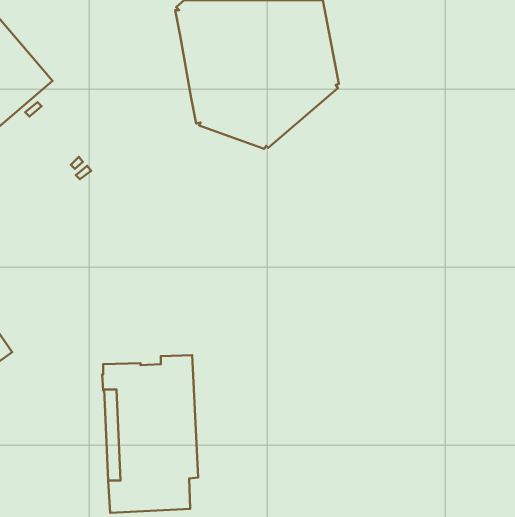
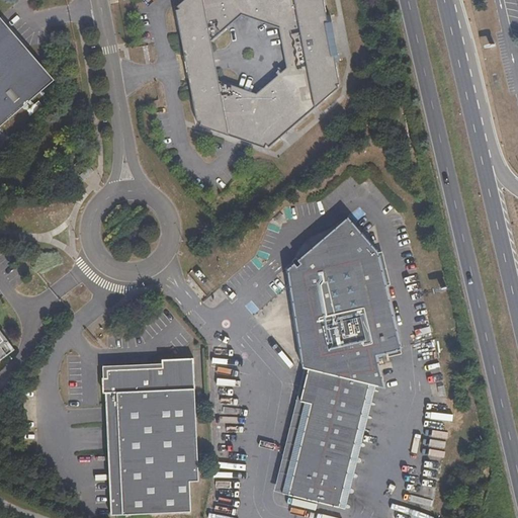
building: none -> [279,212,398,505]

